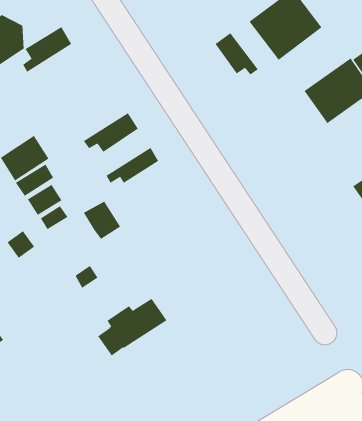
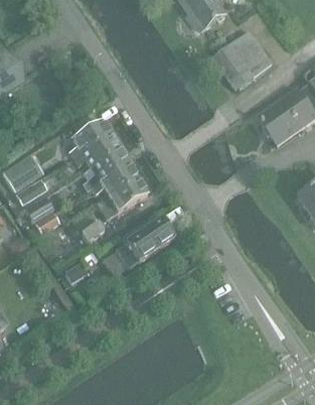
building: [22,26,72,73] -> [67,119,110,158]
building: [215,32,259,75] -> none
building: none -> [82,148,129,190]
building: none -> [95,175,147,219]
building: [97,298,167,356] -> [115,219,174,268]

